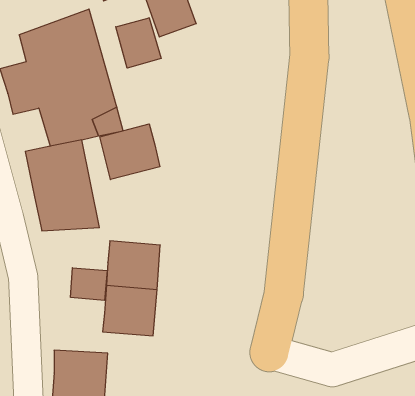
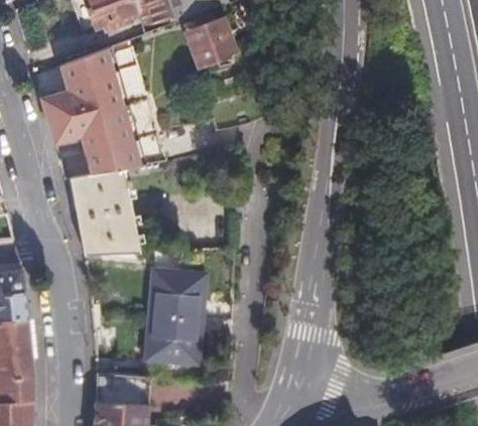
building: [116,18,161,68] -> none
building: [100,124,160,180] -> none
building: [71,268,107,300] -> none

